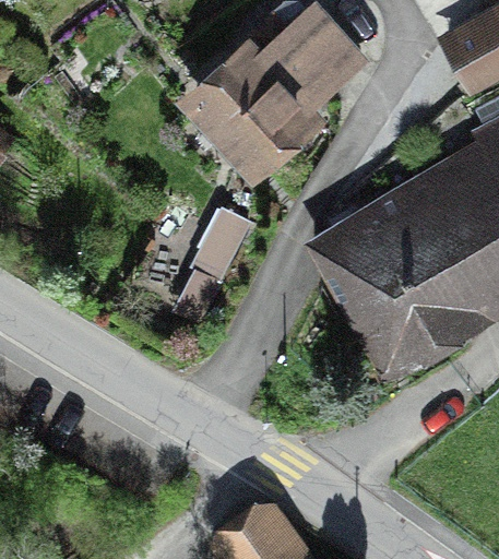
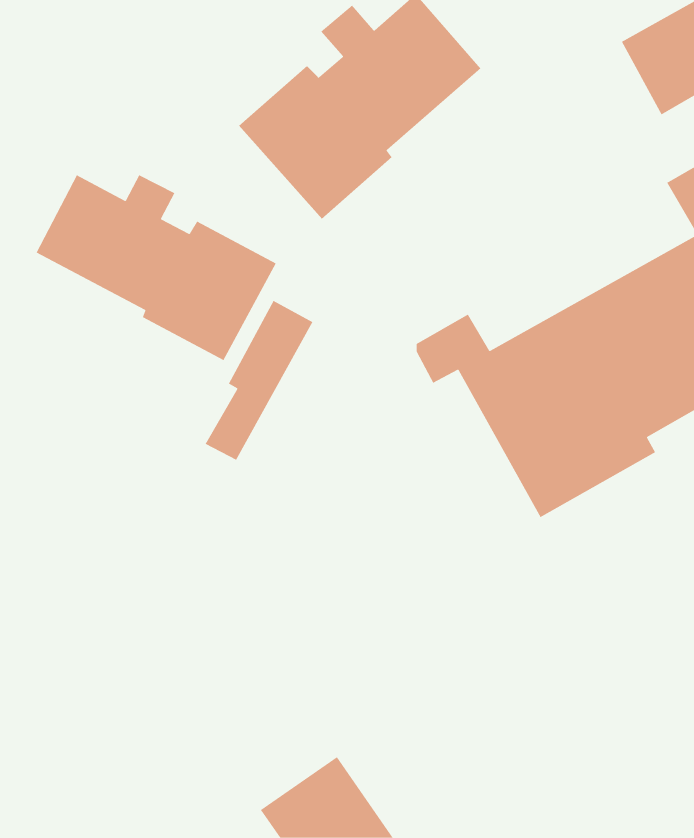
building: none -> [35,174,277,361]

